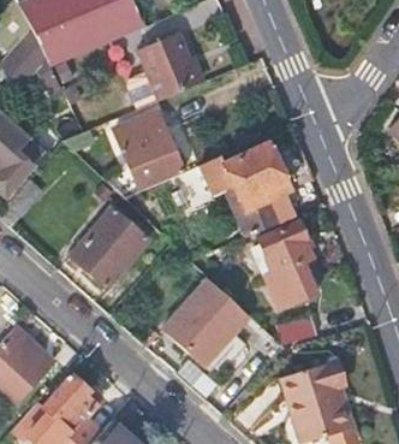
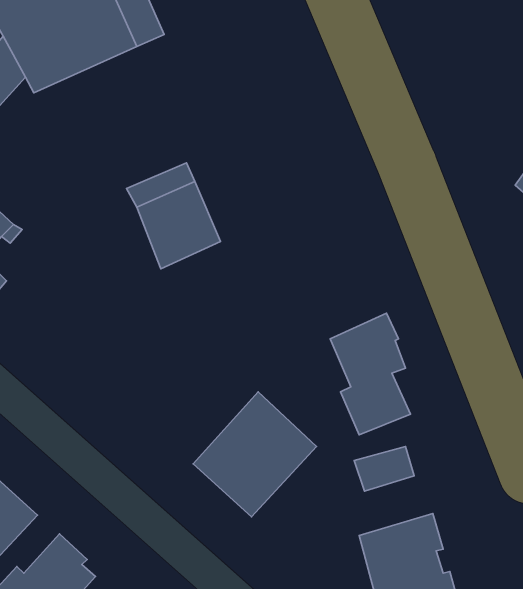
building: [138,32,202,101] -> none
building: [204,147,294,235] -> none
building: [71,206,150,286] -> none

